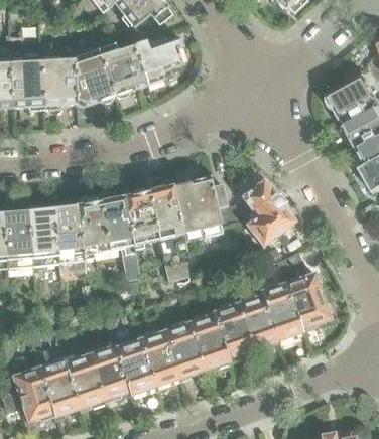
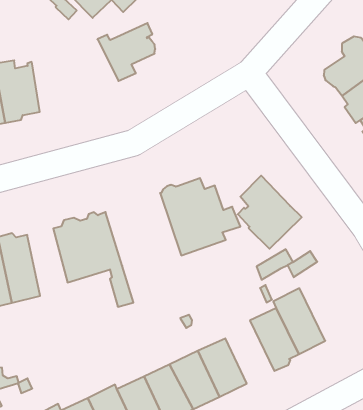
building: [73,45,146,107] -> none
building: [122,185,191,280] -> none
building: [50,203,83,263] -> none
building: [283,273,329,330] -> none
building: [212,305,253,357] -> none

